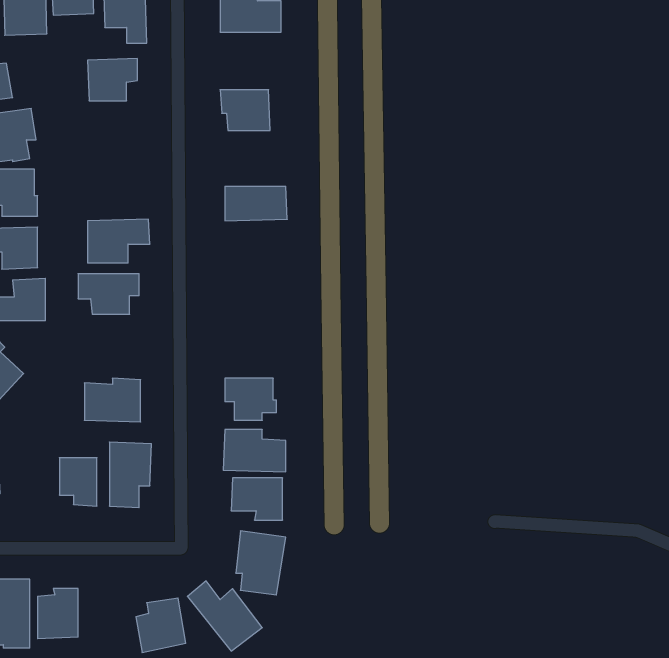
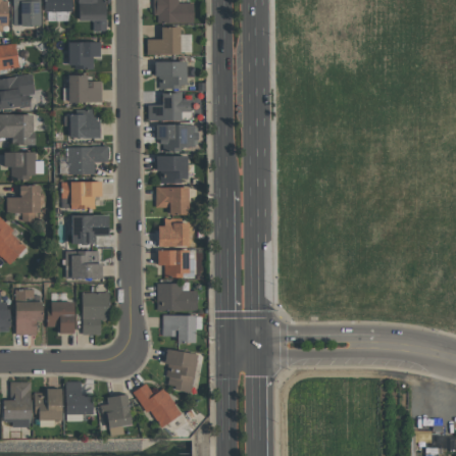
building: none -> [147,27,181,54]
building: none -> [69,74,103,102]
building: none -> [148,93,191,120]
building: none -> [69,112,100,138]
building: none -> [158,155,189,182]
building: none -> [156,187,190,214]
building: none -> [72,215,109,244]
building: none -> [158,219,190,247]
building: none -> [15,290,44,335]
building: none -> [66,381,93,421]

